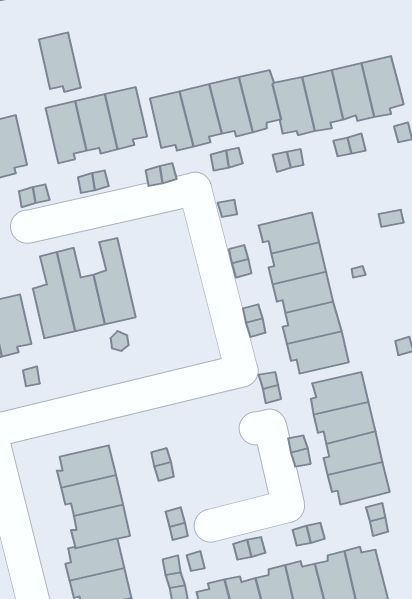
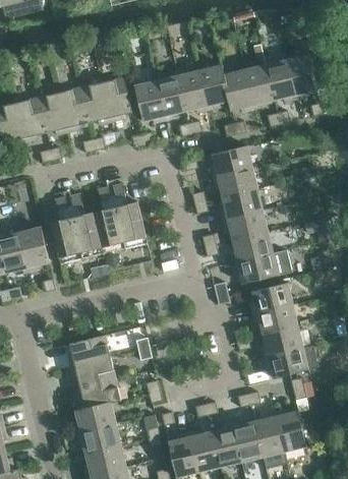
building: [39,33,81,92] -> [38,92,68,134]
building: none -> [210,144,251,176]
building: none -> [111,182,146,242]

